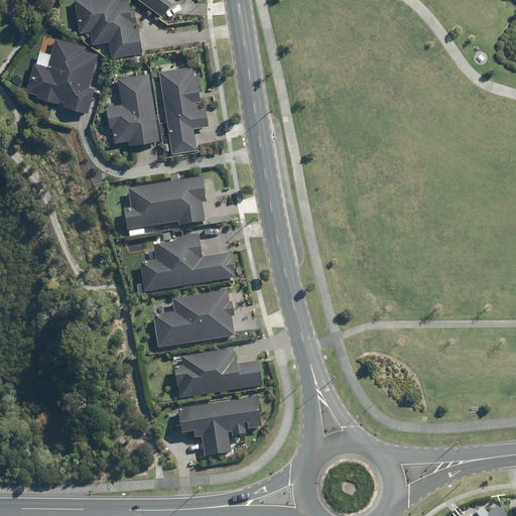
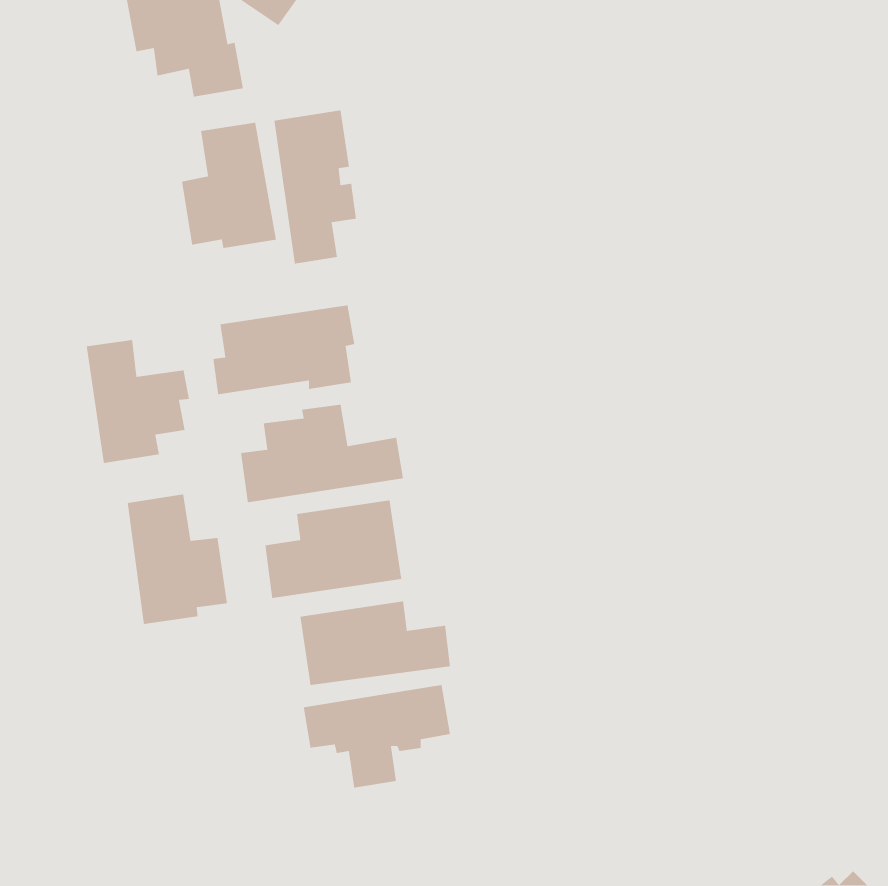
building: [26,38,97,112] -> none
building: none -> [86,339,190,464]
building: none -> [127,494,228,625]

